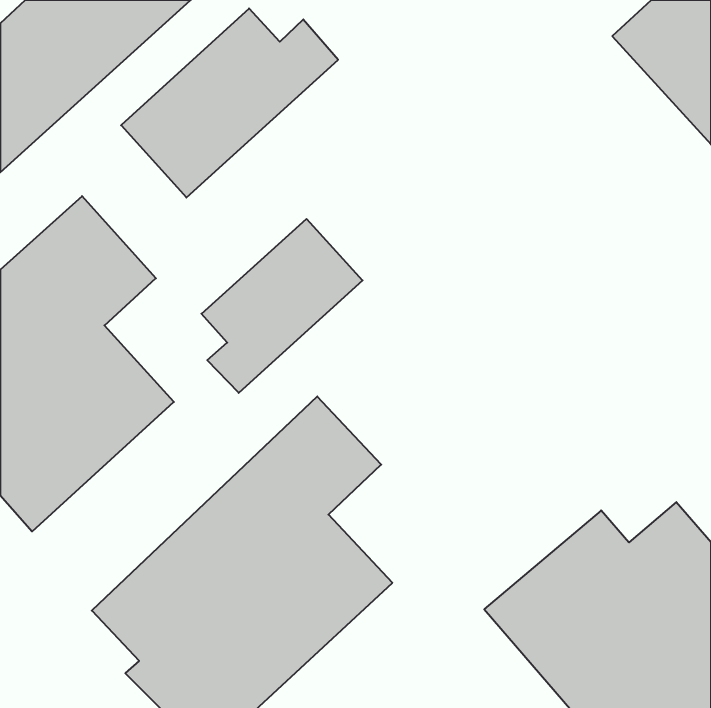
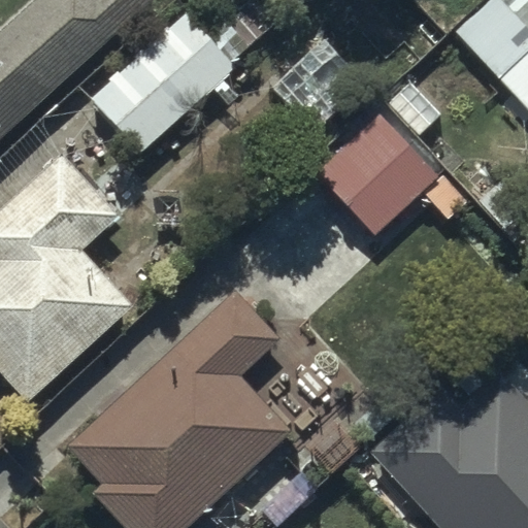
building: none -> [321,117,441,239]
building: [201,219,363,393] -> none

